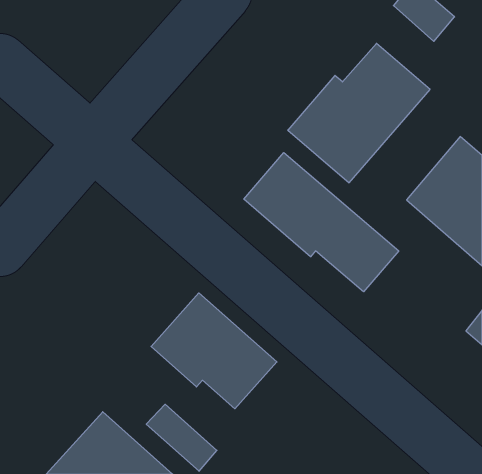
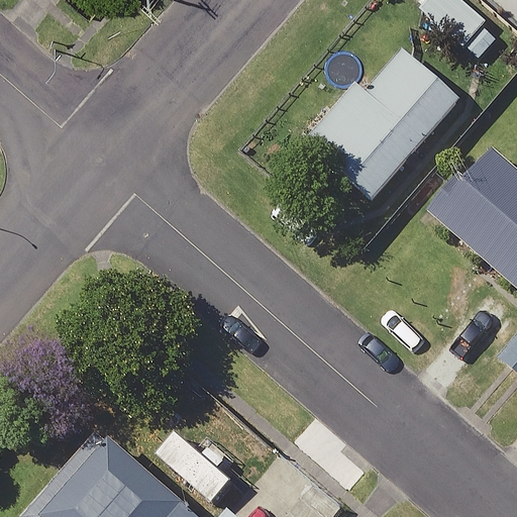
building: [244,153,399,292] -> none
building: [151,293,277,409] -> none

